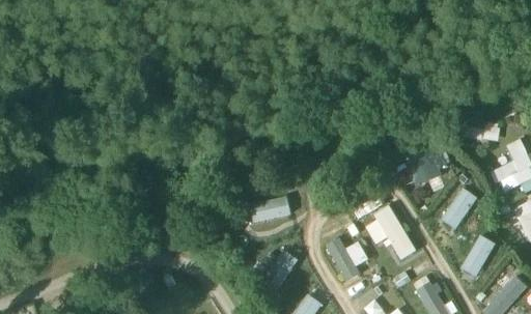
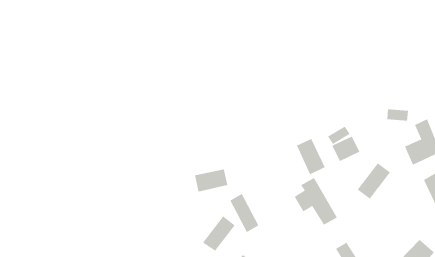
building: none -> [296,138,326,175]
building: [459,235,496,278] -> none
building: [326,236,360,282] -> [230,193,259,233]

